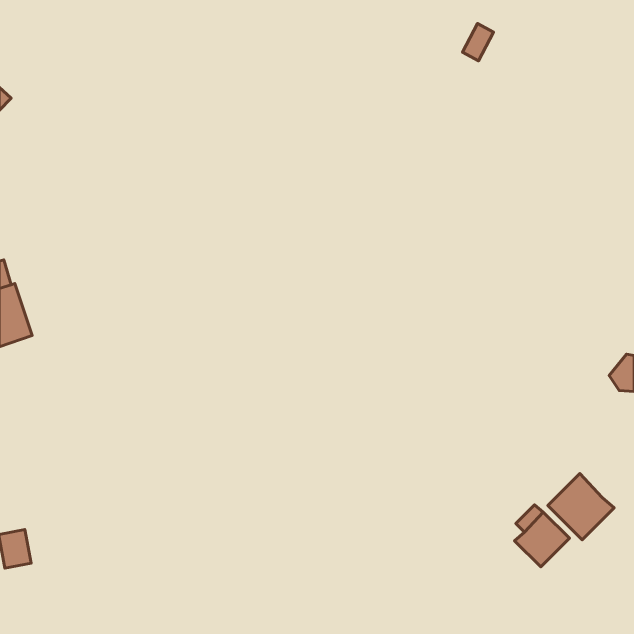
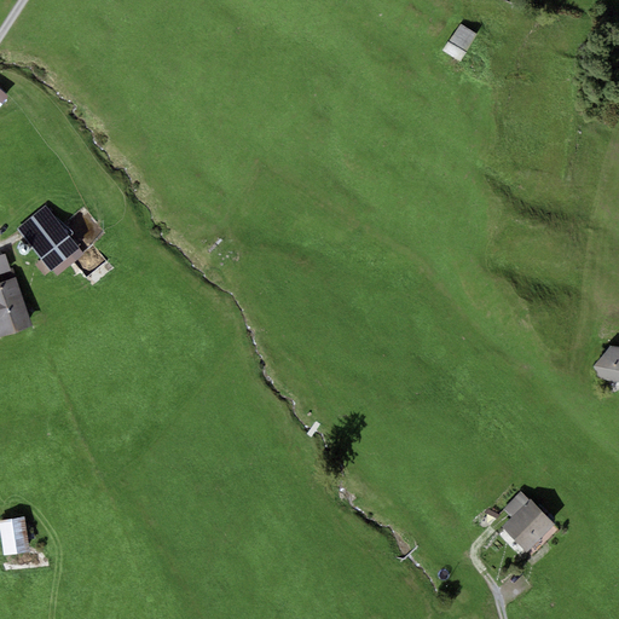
building: none -> [17,204,83,274]
building: [548,474,614,540] -> none

